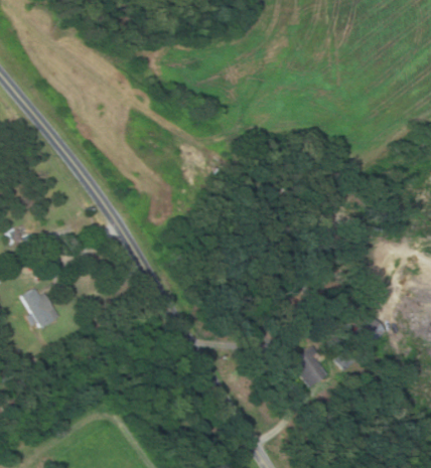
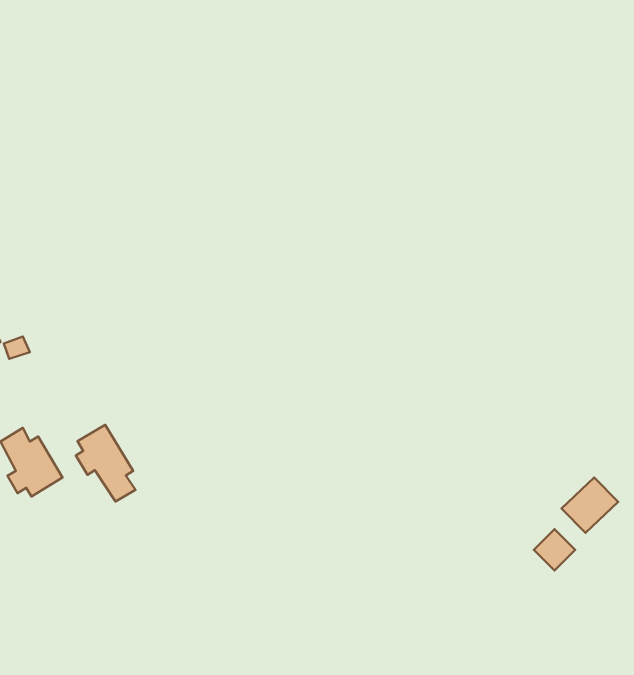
building: none -> [76,425,136,501]
building: [289,346,326,388] -> none

